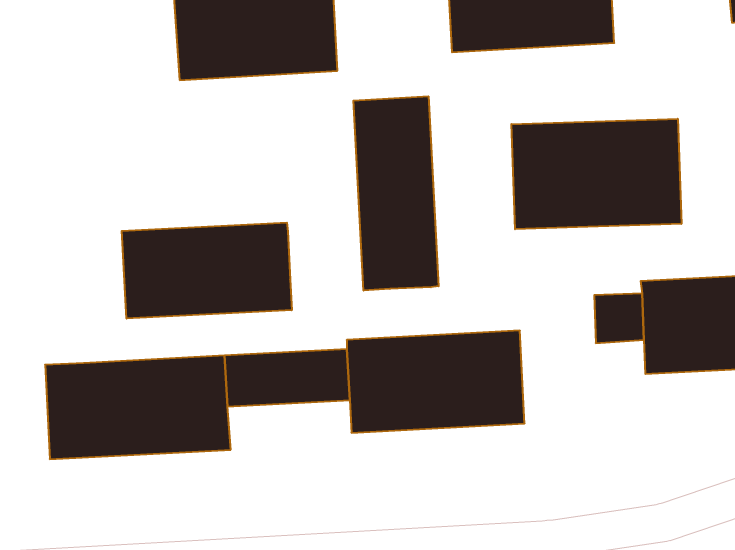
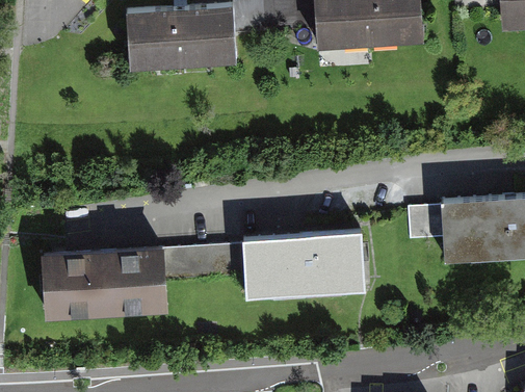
building: [353,96,439,291] -> none
building: [511,119,681,229] -> none
building: [122,223,292,319] -> none

